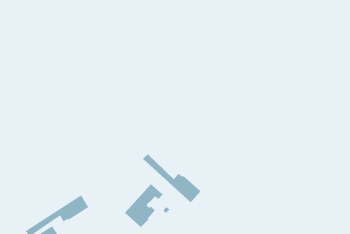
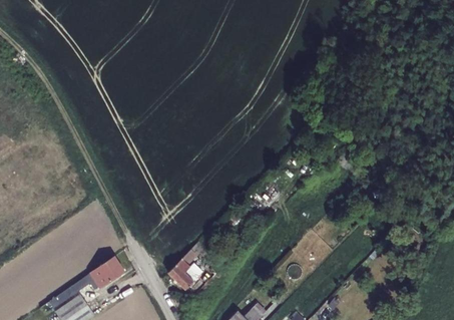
building: [142,153,201,203] -> none

